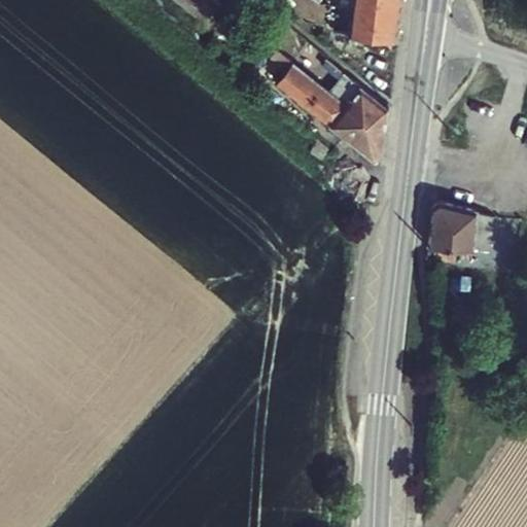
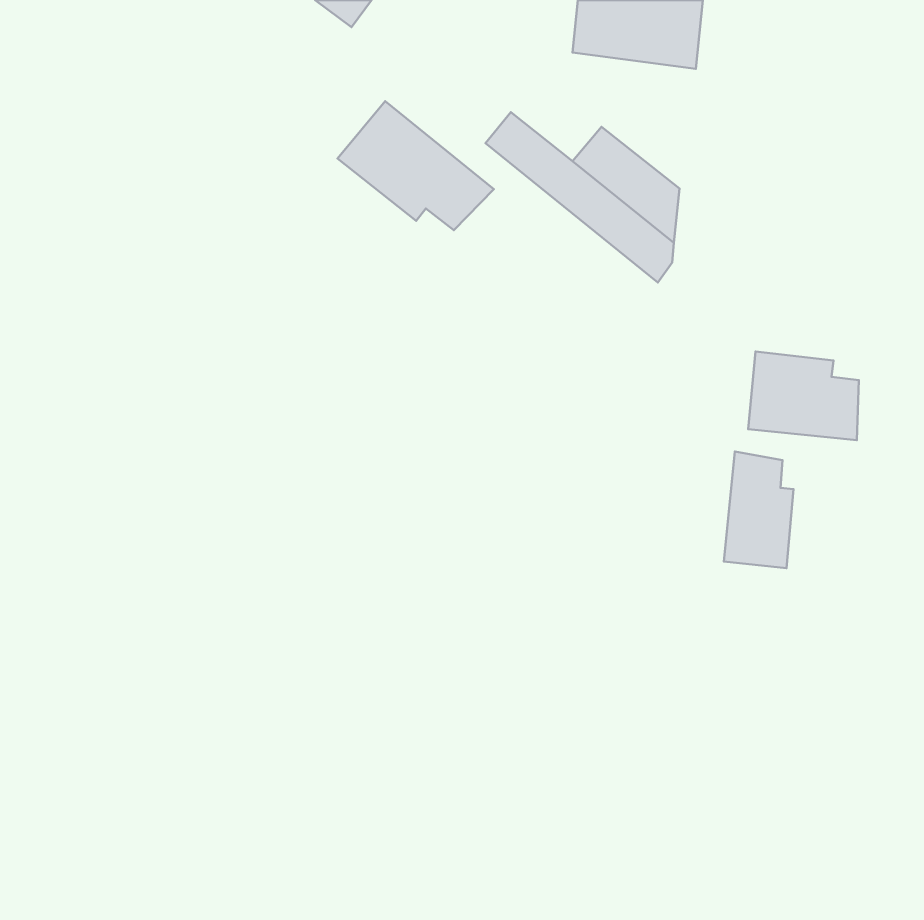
building: none -> [337,101,494,230]
building: none -> [724,451,794,568]

